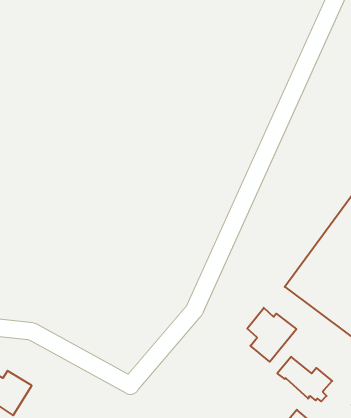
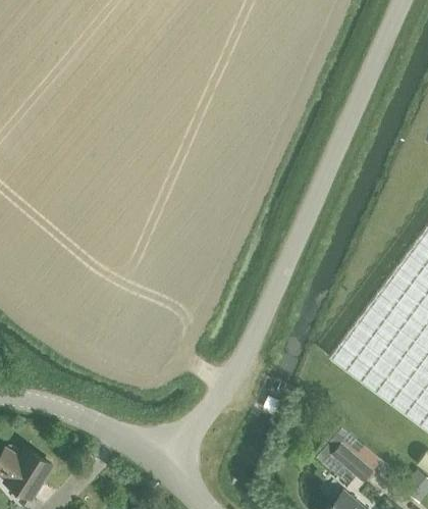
building: [247,308,296,362] -> none

